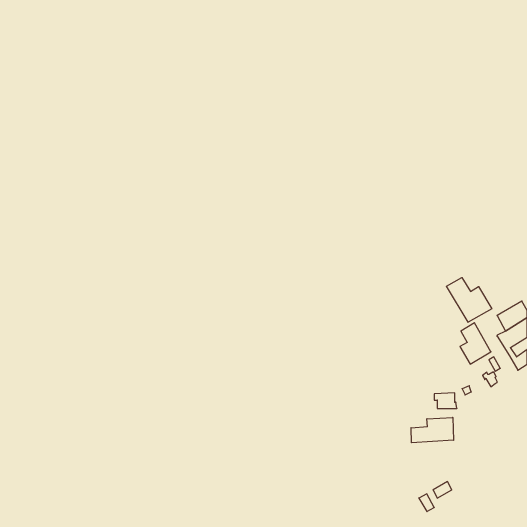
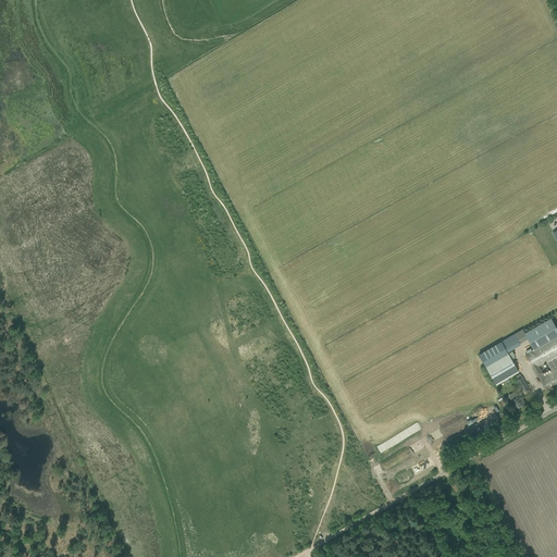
building: [446,278,492,322] -> none
building: [411,417,454,443] -> none

